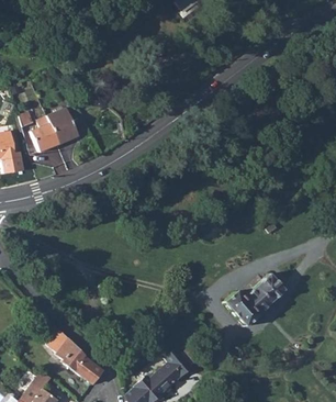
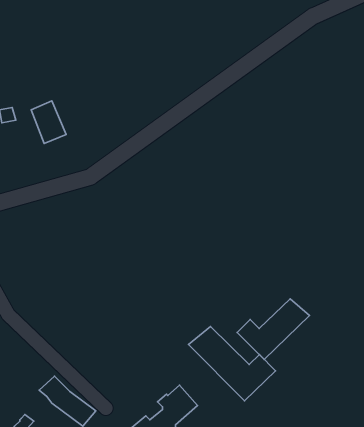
building: [32,114,59,152] -> none
building: none -> [188,326,276,401]

